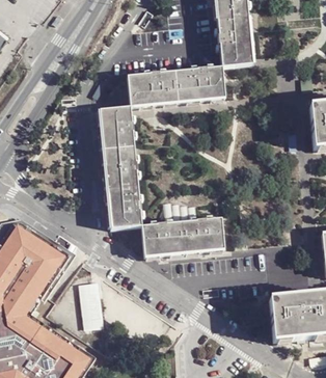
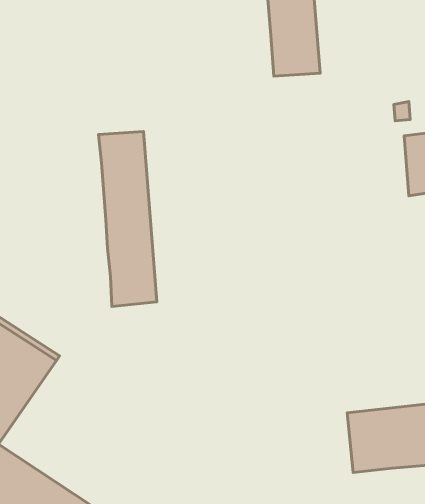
building: [126,64,222,103] -> none
building: [138,215,220,253] -> none
building: [81,285,103,329] -> none

